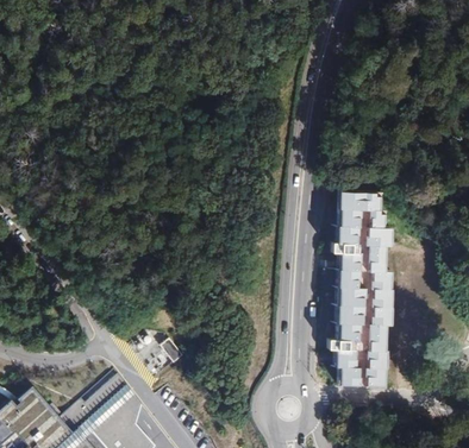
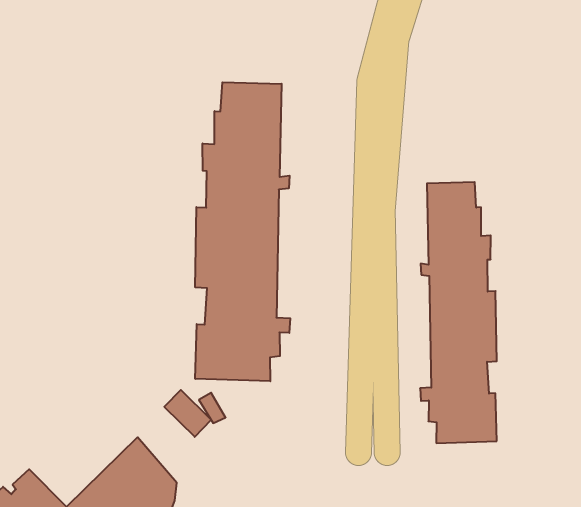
building: none -> [195,82,290,381]

